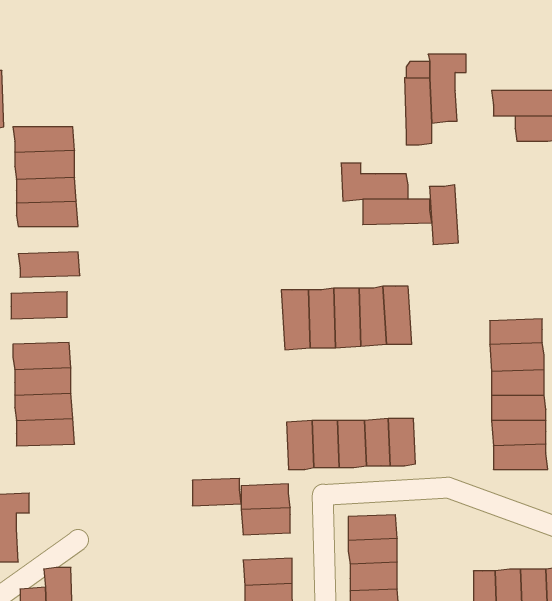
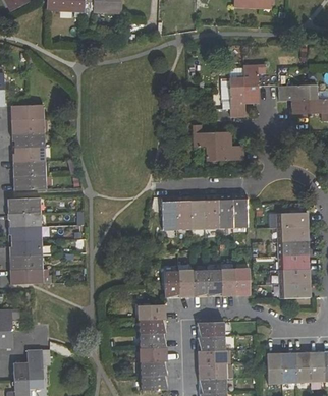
building: [429,185,458,245] -> [231,193,248,227]
building: none -> [12,161,46,176]
building: none -> [8,212,41,227]
building: none -> [234,268,250,294]
building: [192,478,241,506] -> [139,333,166,348]

